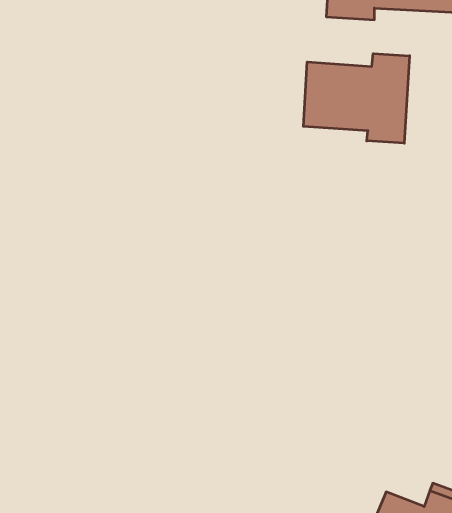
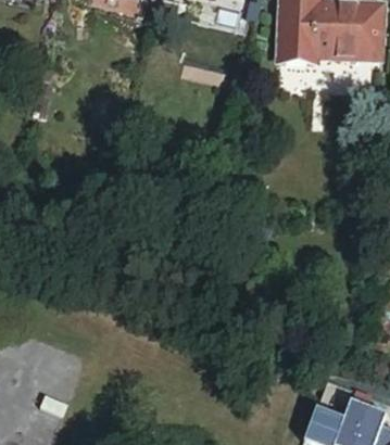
building: [303,54,410,143] -> none

